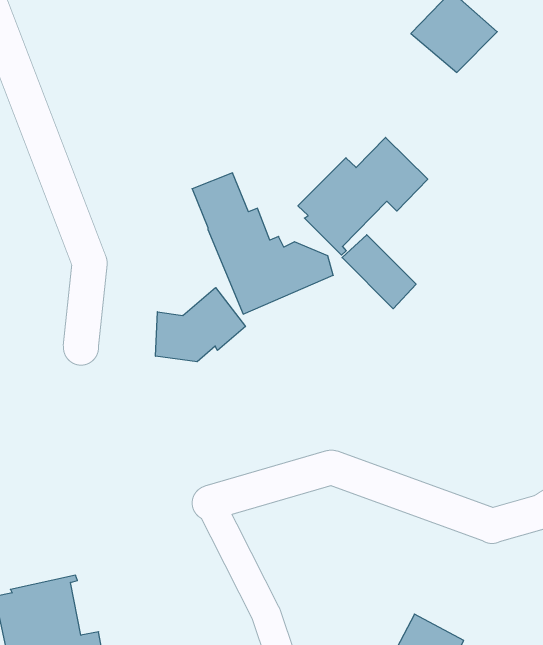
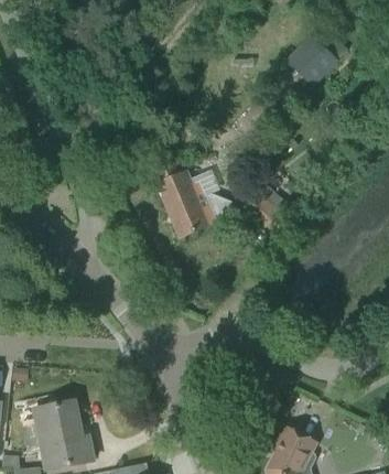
building: [298,137,428,255] -> none
building: [156,288,245,362] -> none

